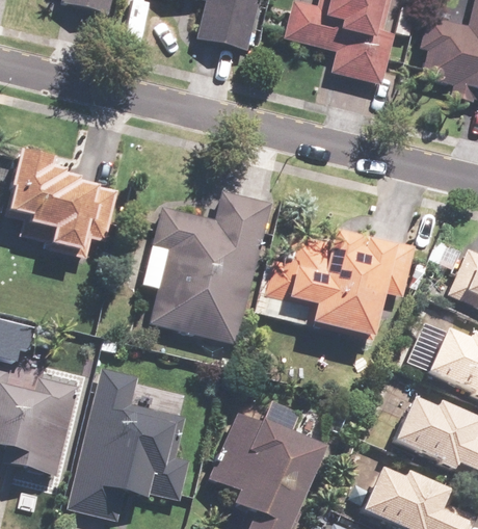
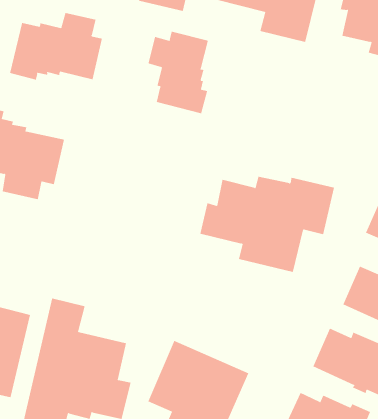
building: none -> [10,12,102,80]
building: none -> [148,31,209,114]
building: [142,190,270,345] -> none

